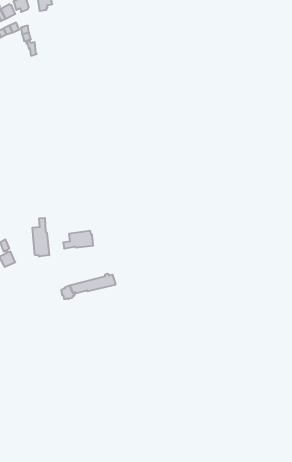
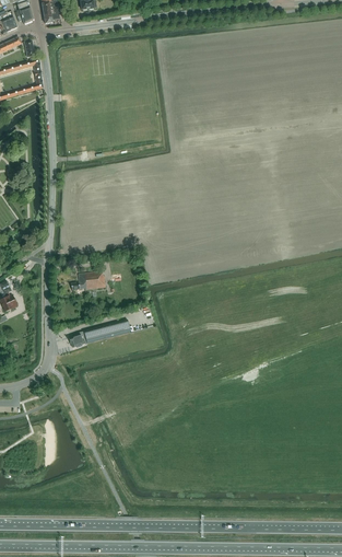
building: [32,218,49,257] -> none

